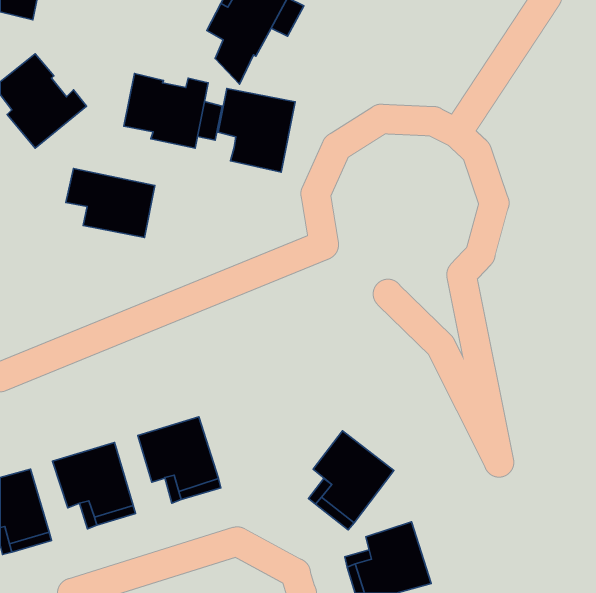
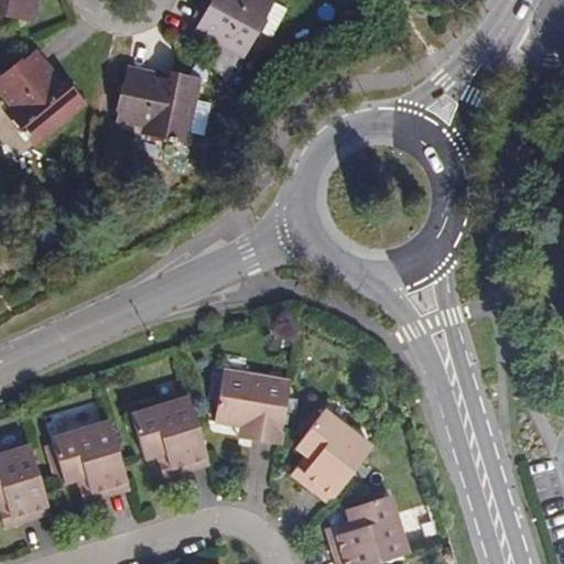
building: [218,88,295,172] -> none
building: [66,169,155,237] -> none
building: none -> [215,369,290,442]

